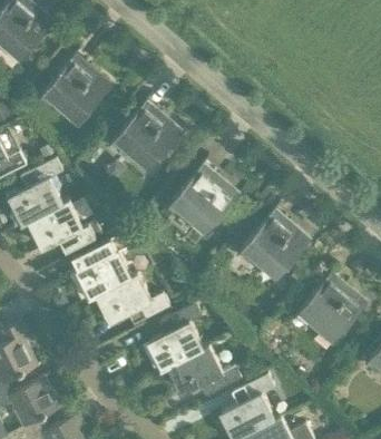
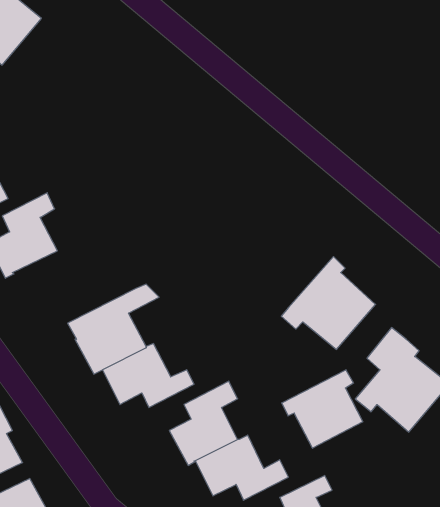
building: [38,53,110,125] -> none
building: [109,100,180,170] -> none
building: [165,162,238,234] -> none
building: [30,201,102,252] -> none
building: none -> [282,370,363,448]

